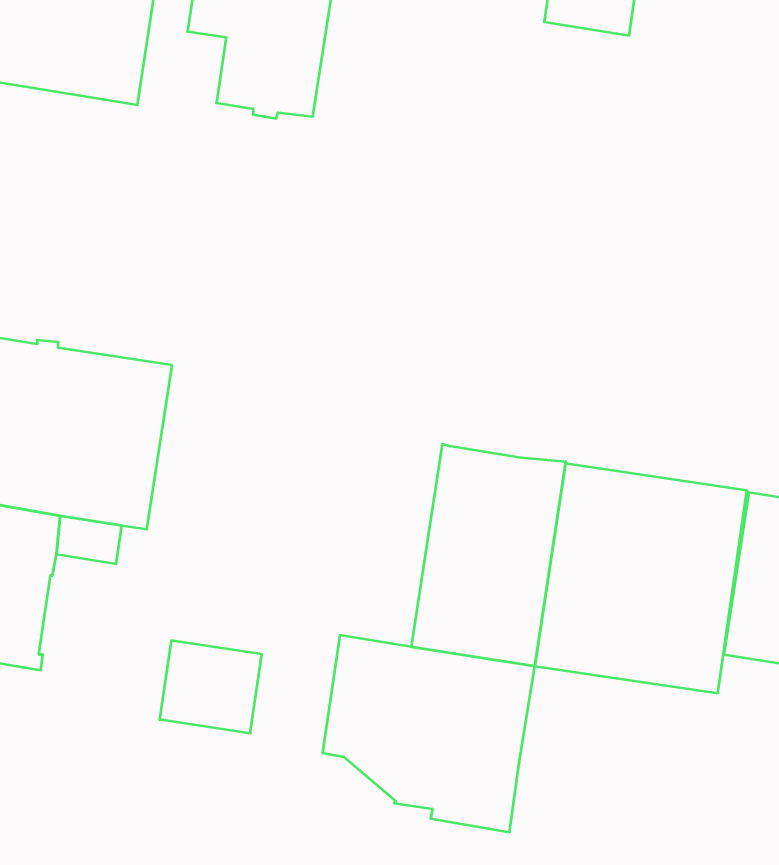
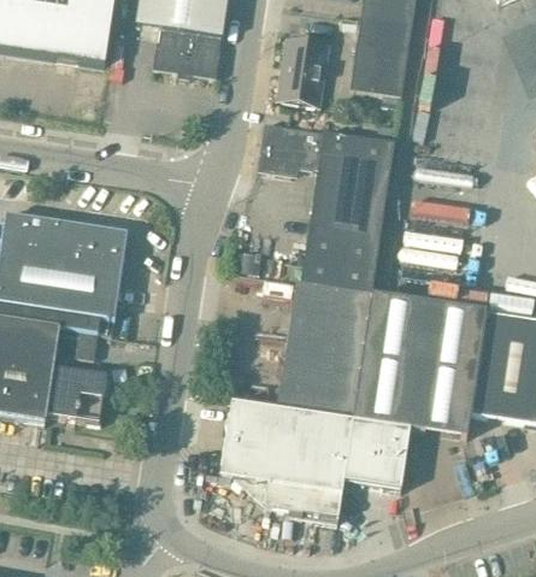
building: none -> [348,16,412,96]
building: none -> [276,34,328,100]
building: none -> [258,120,395,290]
building: [160,641,262,733] -> [43,361,107,419]
building: none -> [343,418,410,488]

